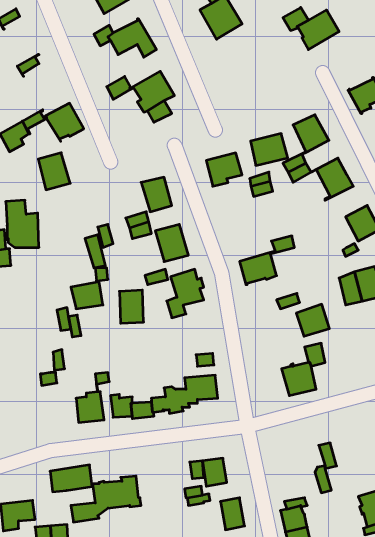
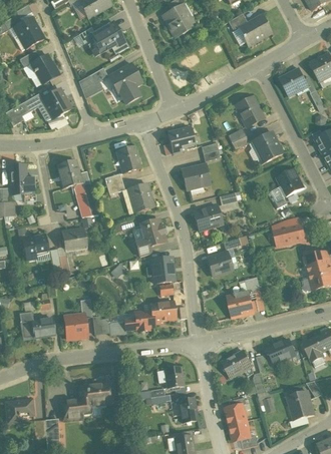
building: none -> [13,16,44,47]
building: none -> [31,53,59,83]
building: [251,134,288,165] -> [182,163,211,188]
building: [38,153,70,190] -> [57,158,82,187]
building: [119,290,144,323] -> [153,256,173,282]
building: none -> [22,235,48,259]
building: [296,304,329,336] -> [207,251,233,276]
building: none -> [268,339,296,364]
building: none -> [222,350,252,377]
building: [50,465,92,492] -> [21,317,54,338]

